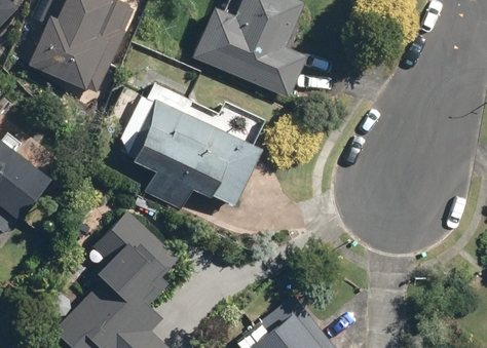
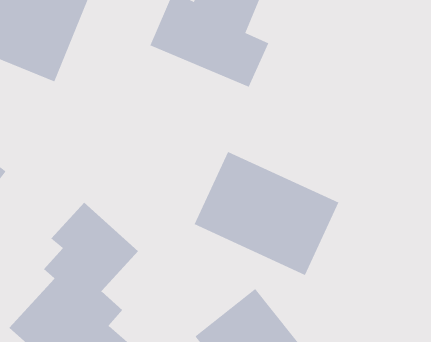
building: [124,81,262,209] -> none
building: none -> [194,151,339,276]

